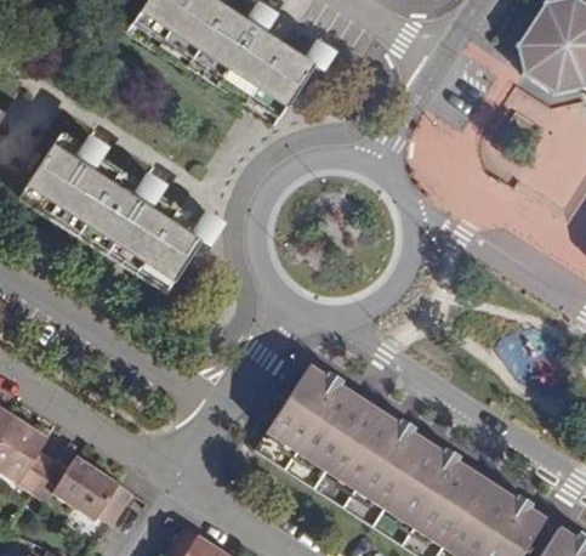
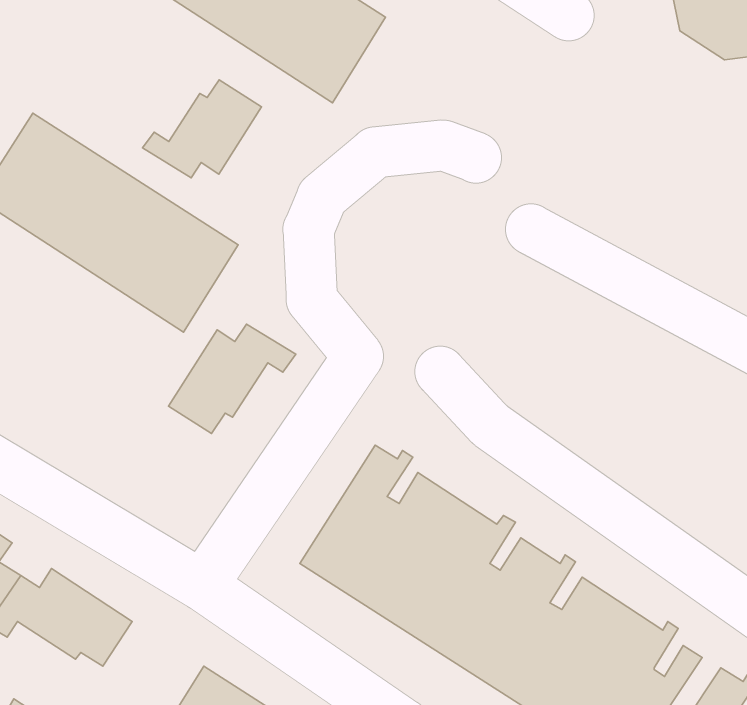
building: none -> [142,80,262,178]
building: none -> [169,324,296,434]

